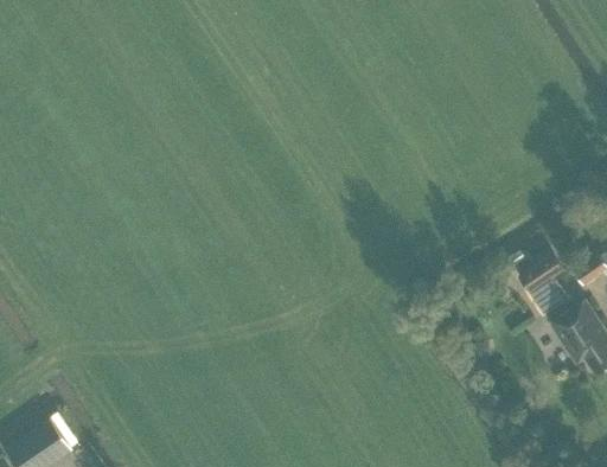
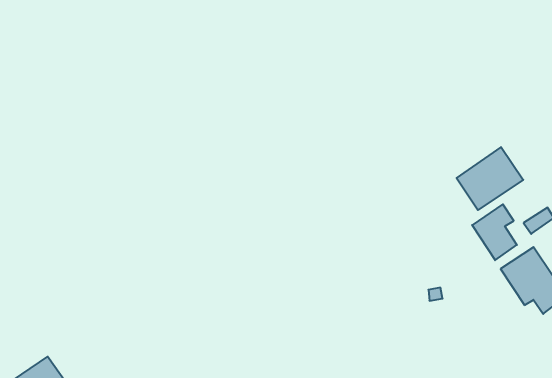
building: none -> [457,147,523,210]

